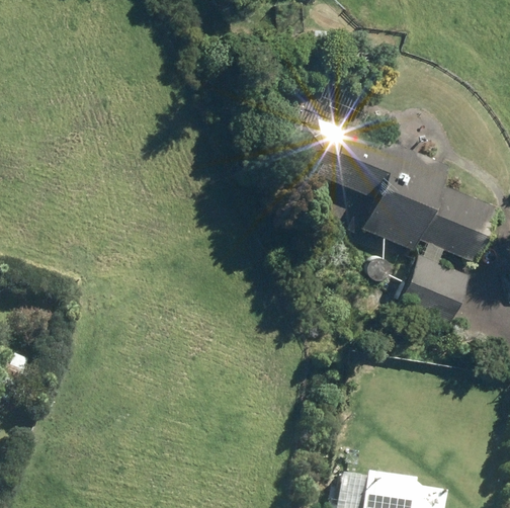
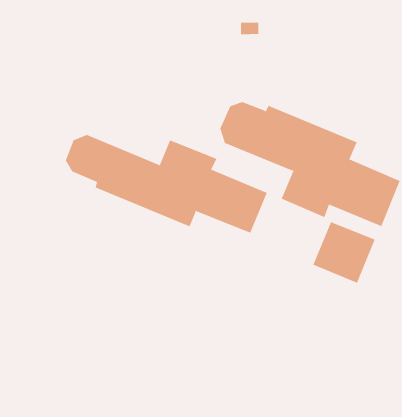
building: none -> [65,134,268,234]

